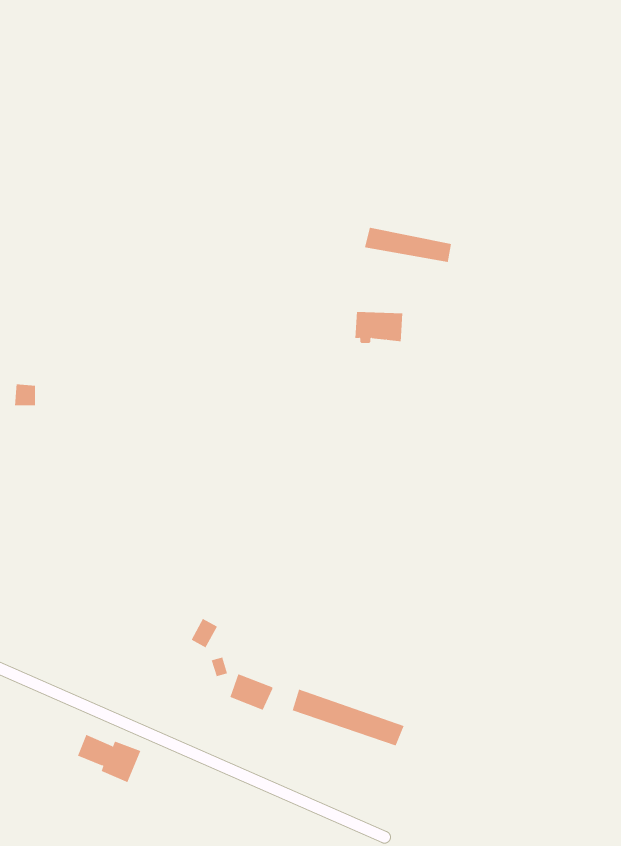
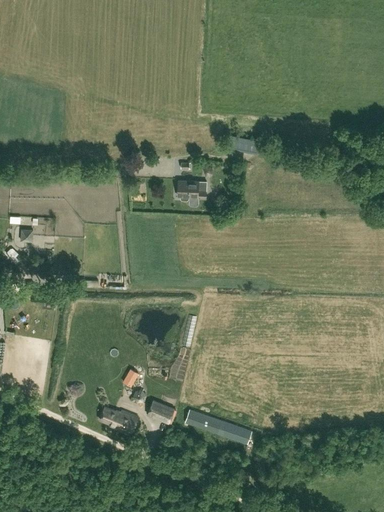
building: [354,312,403,344] -> [178,181,207,200]
building: [77,734,141,783] -> [100,407,138,436]

